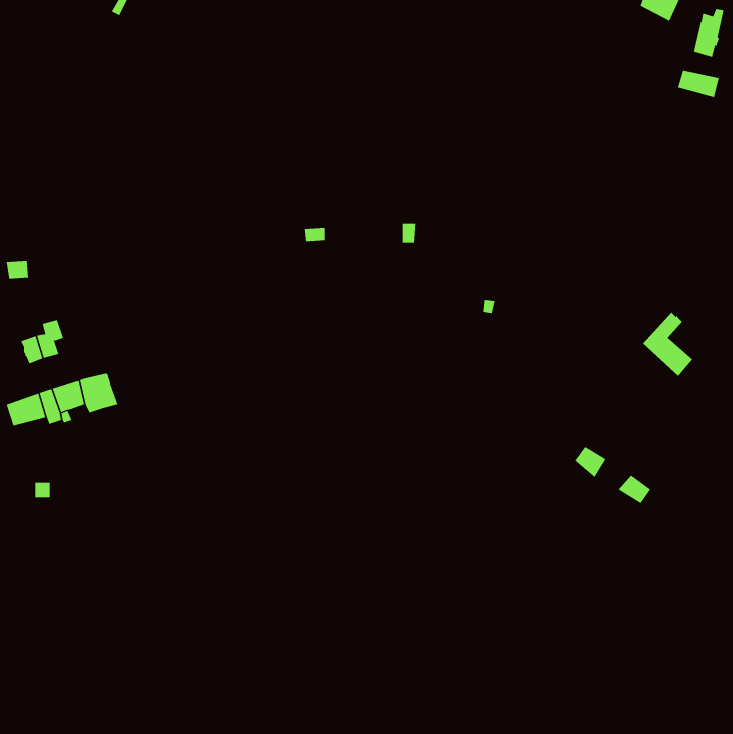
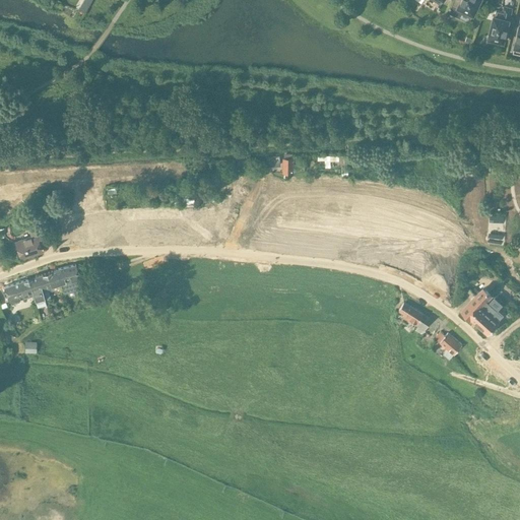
building: [677,70,719,98] -> none
building: [642,312,693,377] -> [464,287,500,333]

